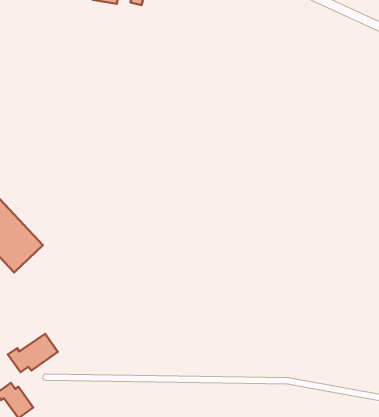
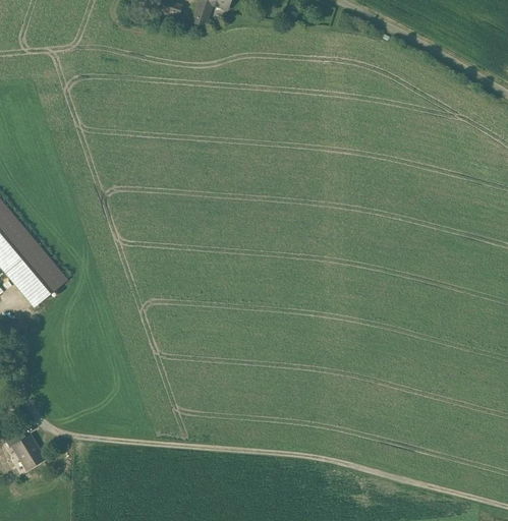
building: [8,334,58,372] -> none

